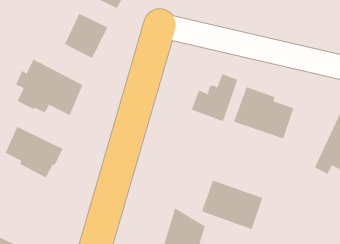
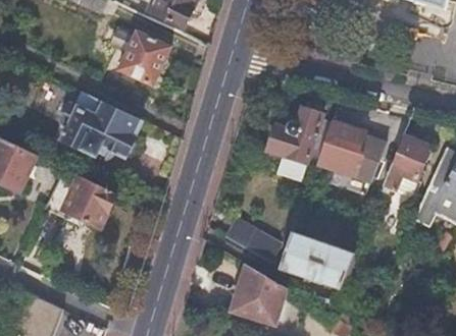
building: none -> [382,135,429,190]
building: none -> [224,215,283,261]

